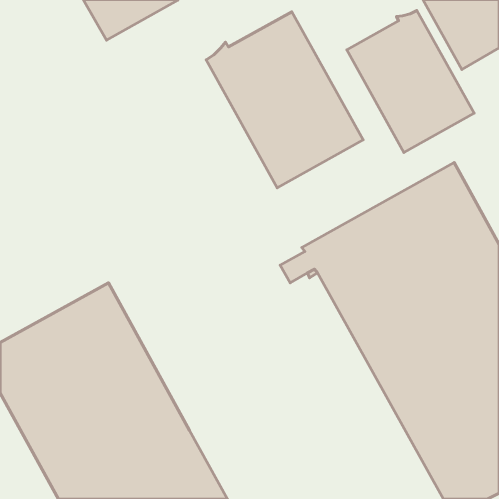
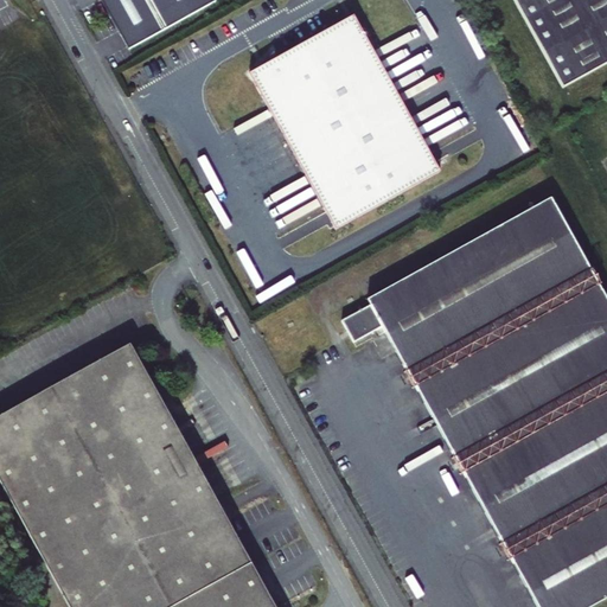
building: [347,11,474,152] -> none

